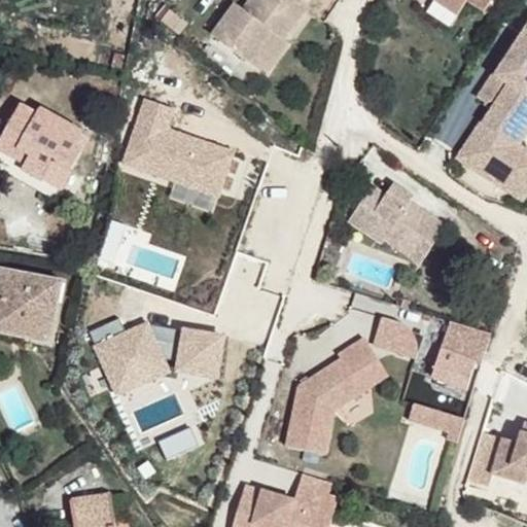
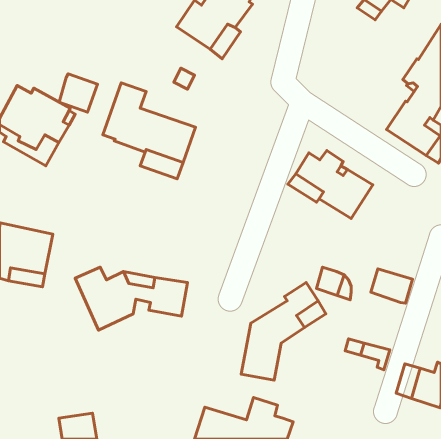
building: none -> [59,74,97,112]
building: [432,348,483,388] -> none

